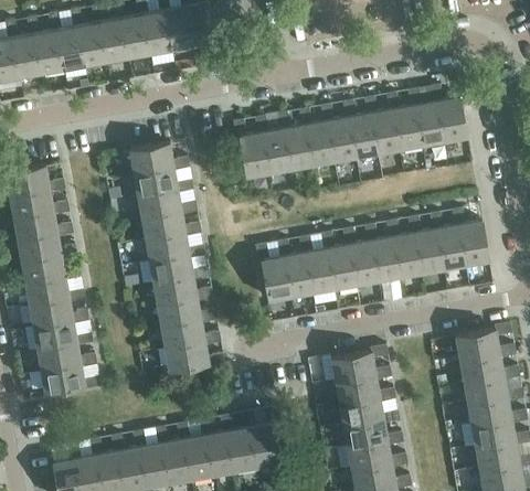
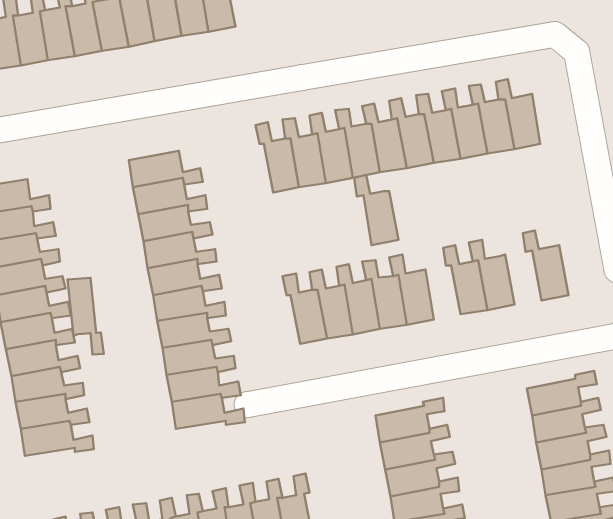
building: [428,214,466,270] -> none
building: [363,225,400,282] -> [354,175,399,245]
building: none -> [67,278,104,354]

